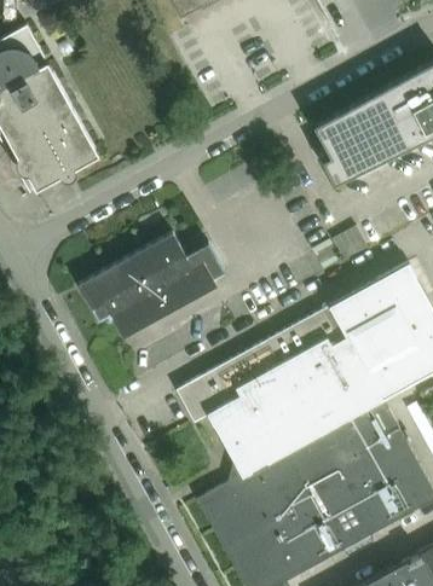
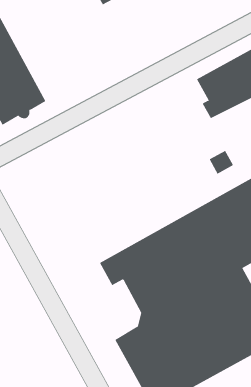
building: [80,233,226,338] -> none

